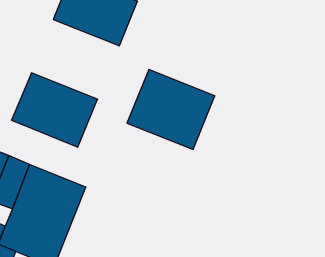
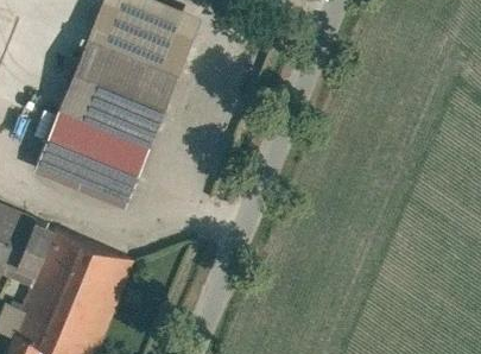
building: [127,70,215,149] -> [62,42,177,146]

